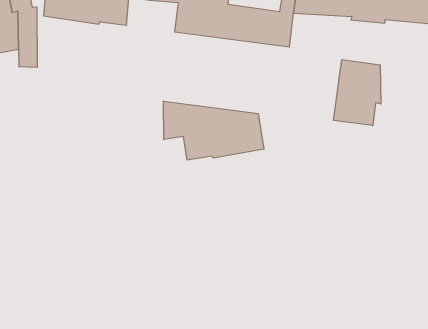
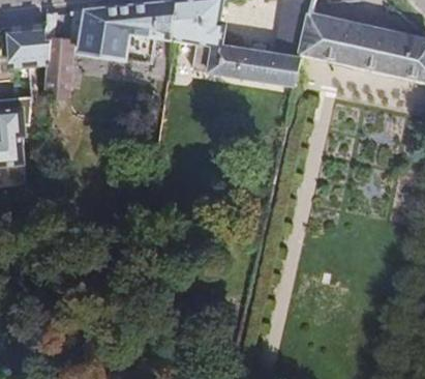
building: [334,60,381,126] -> none
building: [164,101,264,160] -> none

